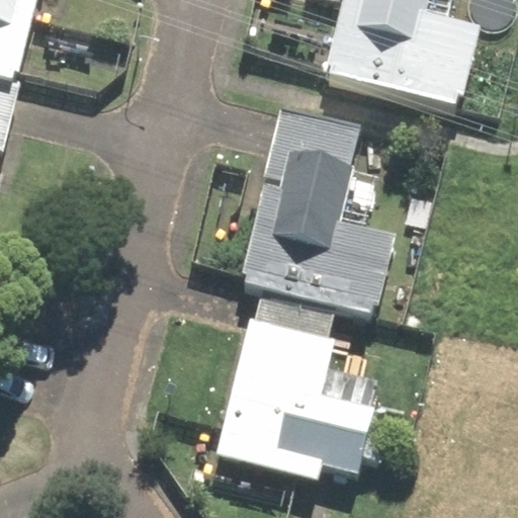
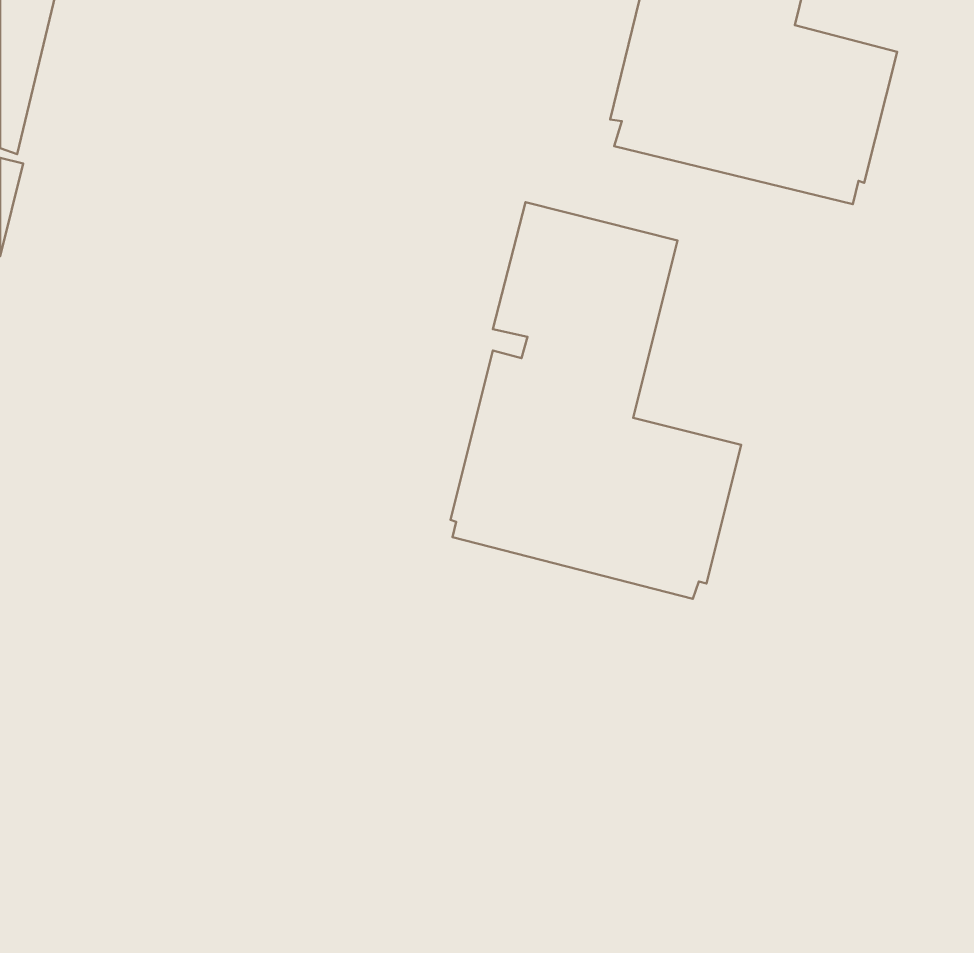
building: [217,292,376,479] -> none

